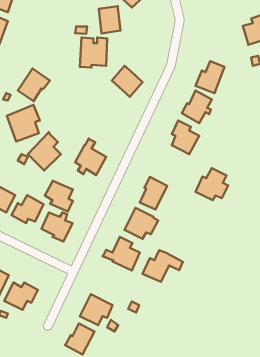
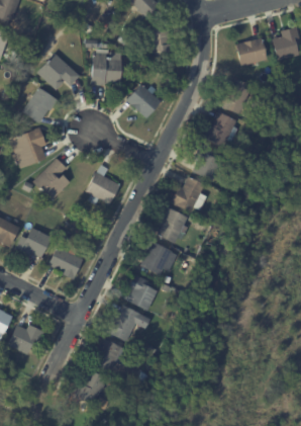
building: [99,6,121,33] -> [148,26,173,57]
building: none -> [235,37,268,67]
building: none -> [37,54,79,91]
building: [195,168,228,200] -> [171,177,207,212]
building: [45,181,73,212] -> none
building: [143,250,183,282] -> [106,307,150,342]

